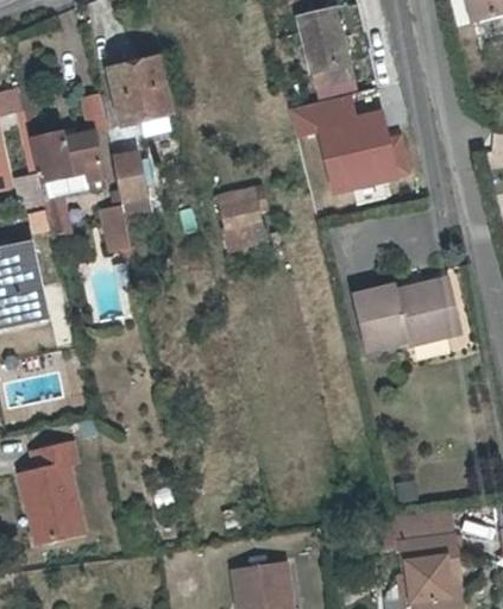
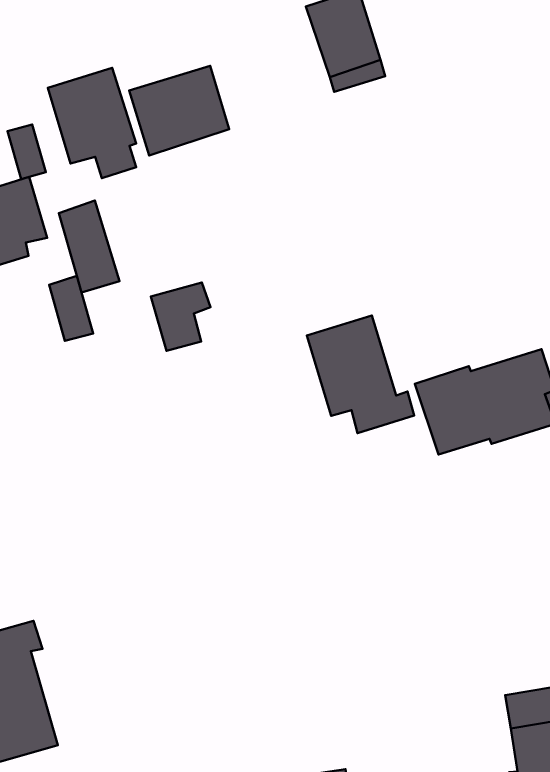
building: none -> [129,66,229,155]
building: [279,90,404,195] -> none
building: [221,201,263,247] -> [151,283,210,351]
building: none -> [307,315,414,433]

